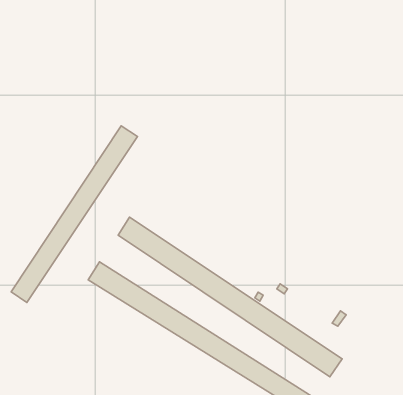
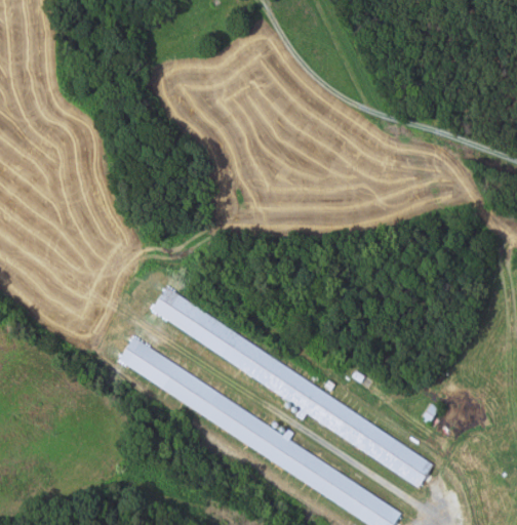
building: [11,126,137,303] -> none

